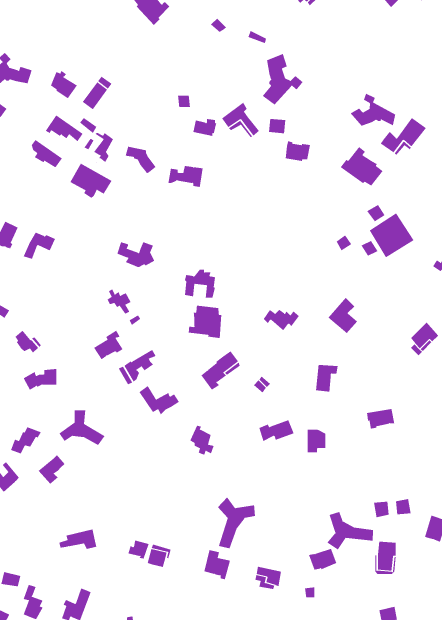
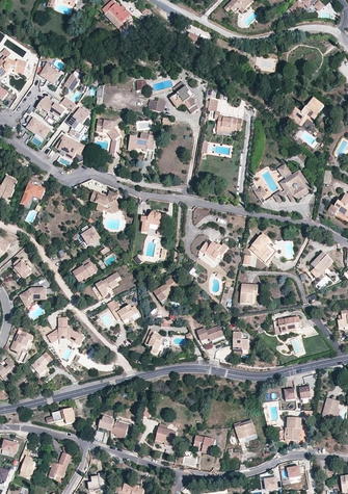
building: [262,53,304,106] -> none
building: [350,93,396,126] -> none
building: [340,146,383,186] -> none
building: [188,305,222,339] -> none
building: [217,497,255,549] -> none
building: [327,511,374,551] -> none

